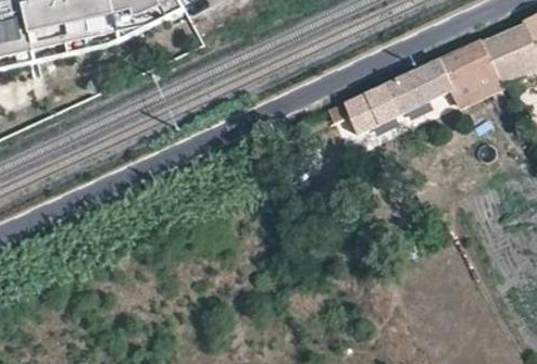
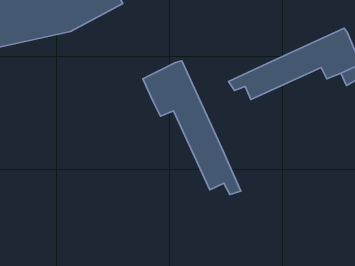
building: none -> [143,61,241,195]

